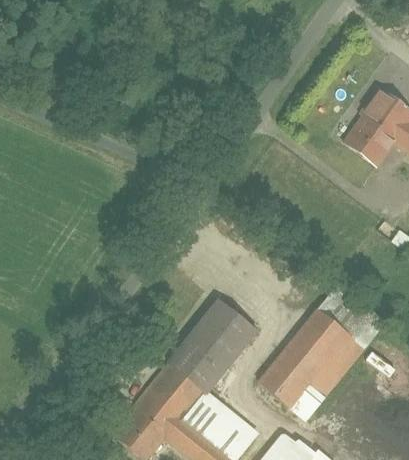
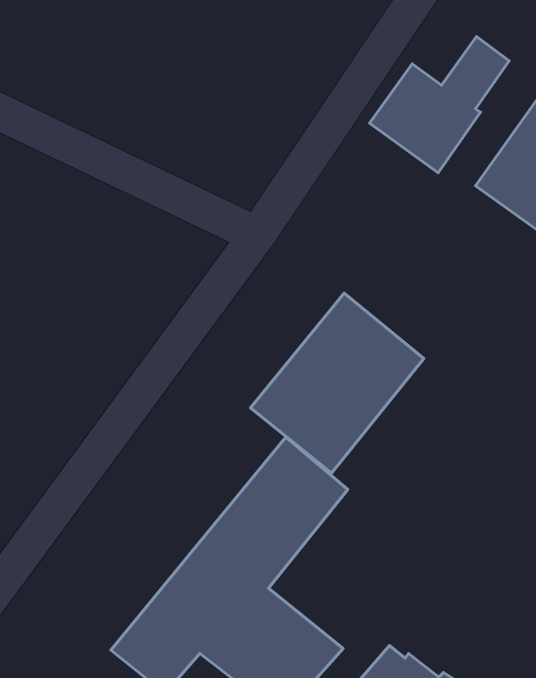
building: none -> [369,37,509,173]
building: [256,308,365,421] -> [250,293,424,473]

